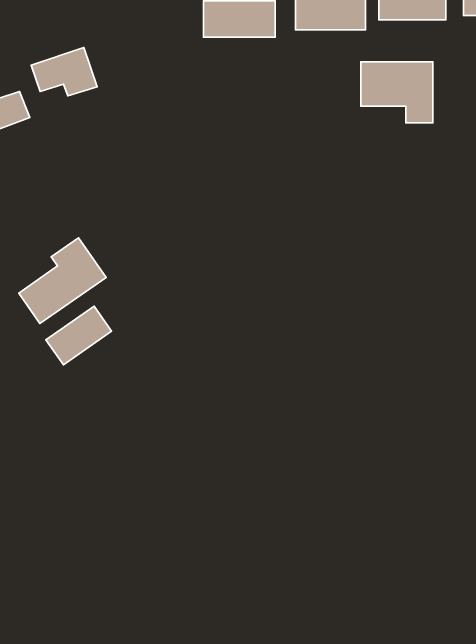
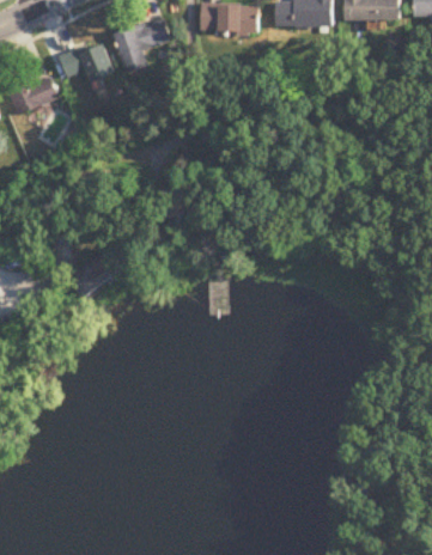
building: none -> [114,19,169,74]
building: [361,62,433,123] -> none
building: [19,238,106,324] -> none

